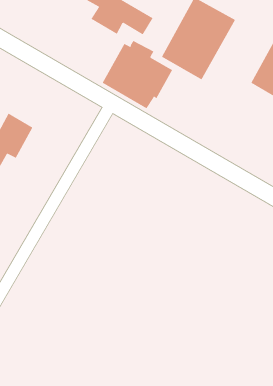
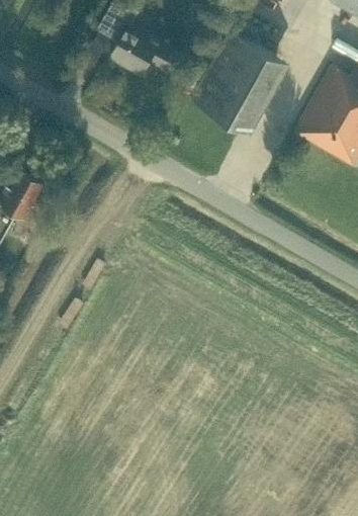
building: [102,40,173,109] -> none

